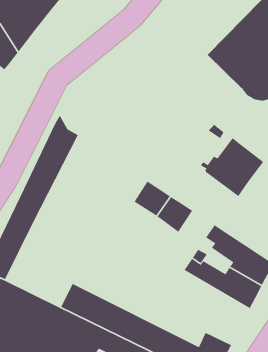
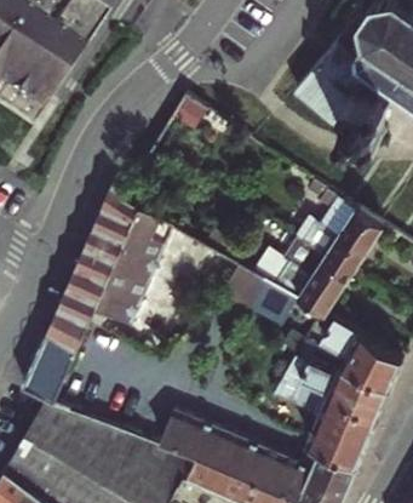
building: none -> [87,205,173,335]
building: none -> [275,244,352,311]
building: none -> [275,372,378,465]

